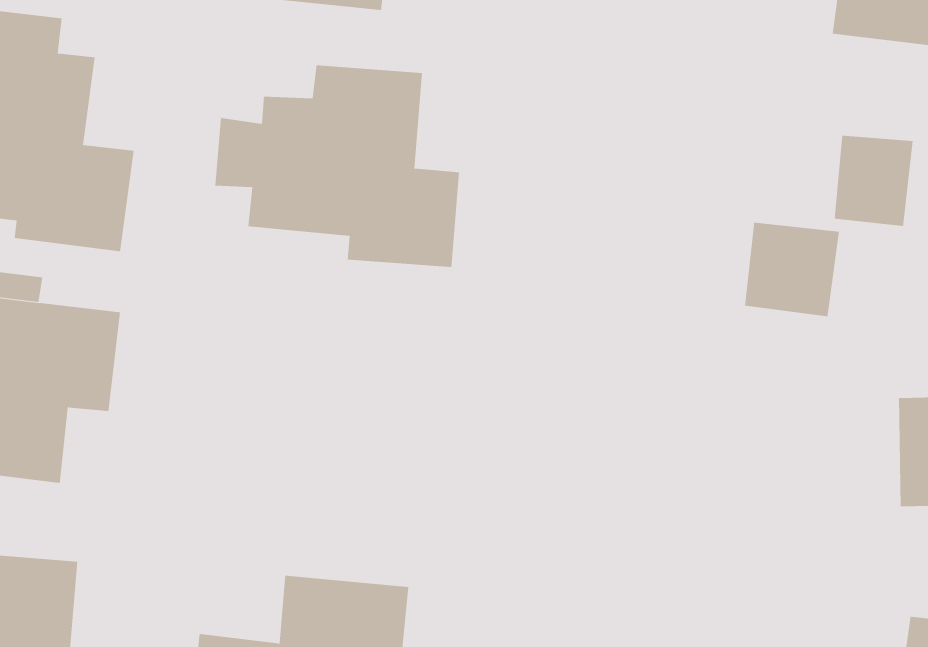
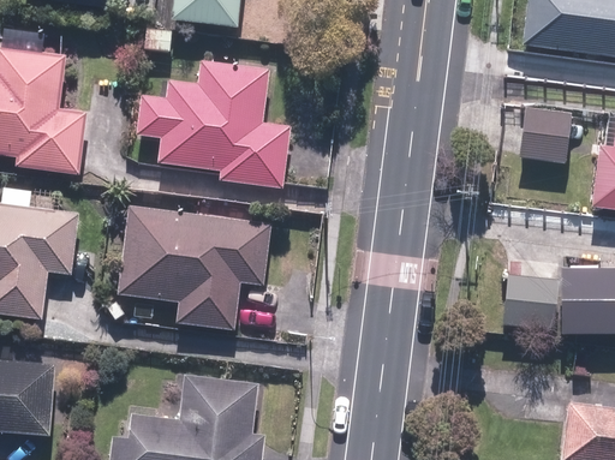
building: [745,222,840,317] -> none
building: none -> [119,210,268,328]
building: none -> [502,274,559,330]

